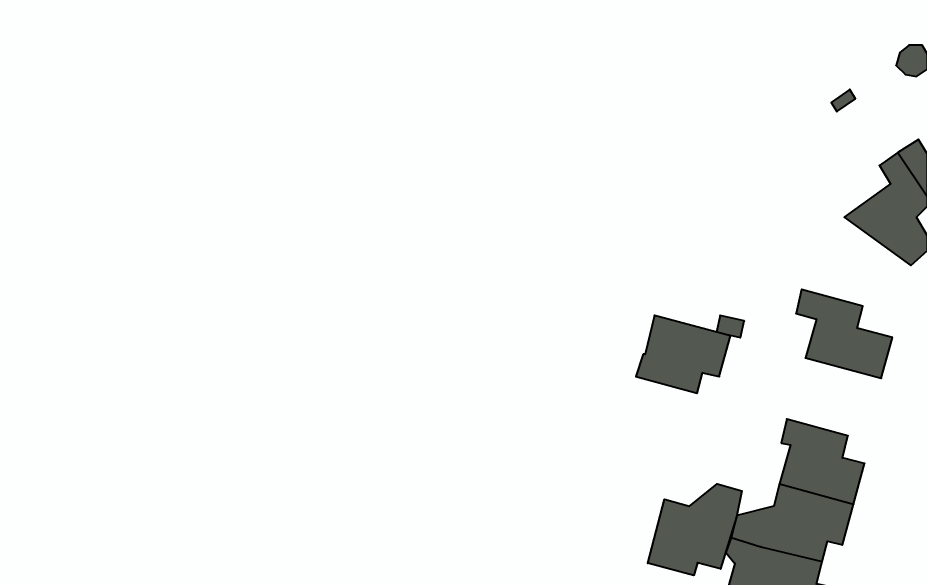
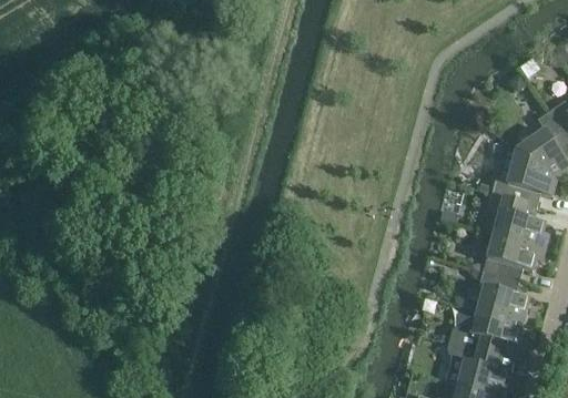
building: none -> [489,149,555,202]
building: [636,315,730,393] -> [480,233,537,279]
building: [648,484,742,575] -> none

